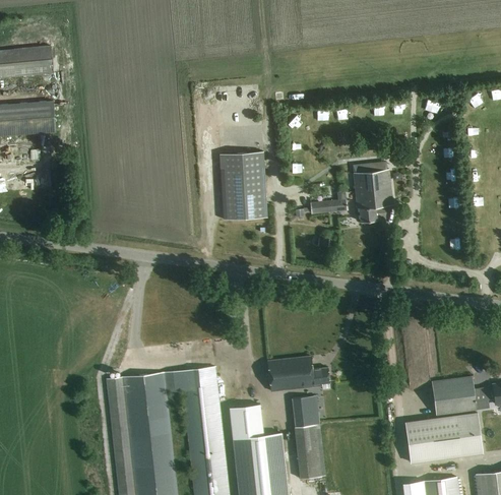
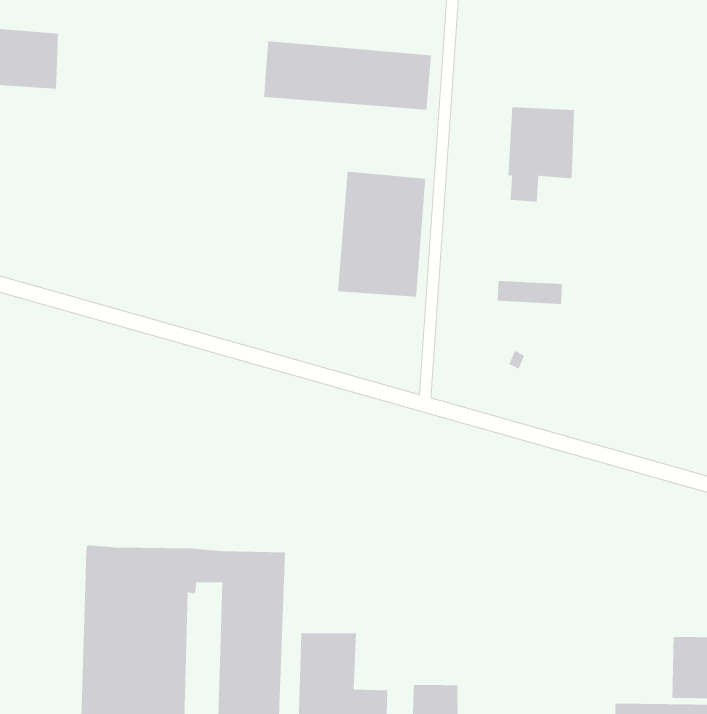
building: none -> [263,41,431,110]
building: [355,170,393,224] -> [508,107,575,202]
building: [267,357,328,391] -> none
building: [293,397,311,428] -> none

